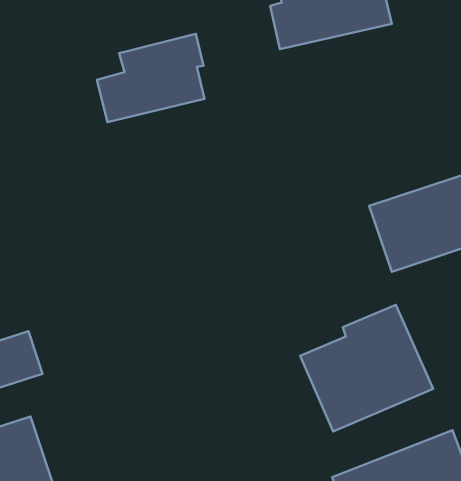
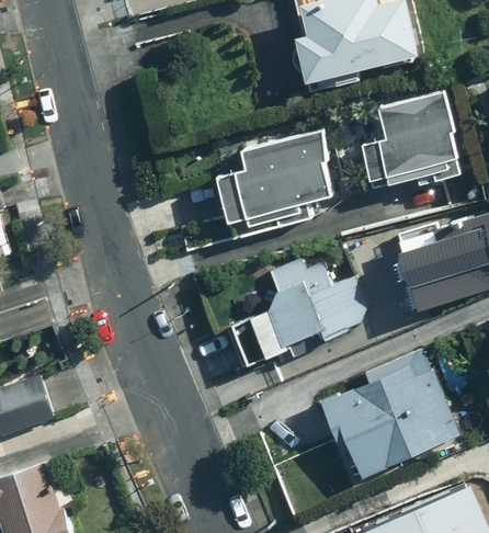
building: [97,34,204,122] -> [216,133,327,224]
building: none -> [359,95,455,181]
building: none -> [229,260,372,361]

